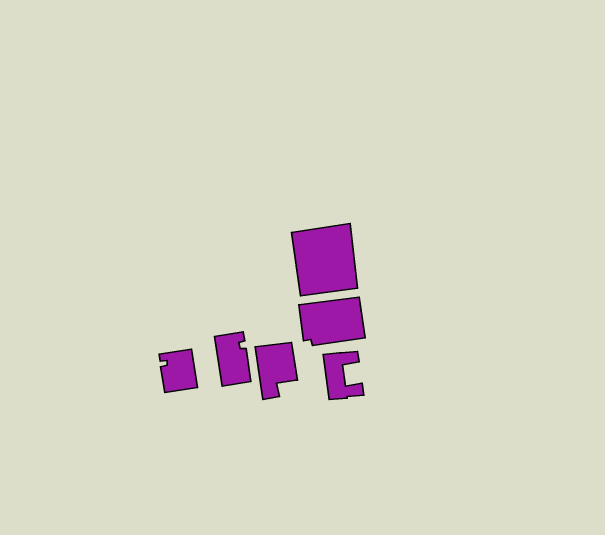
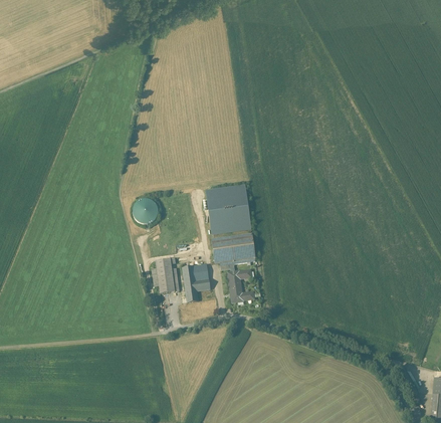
building: none -> [133,199,158,224]
building: [159,349,197,392] -> none

